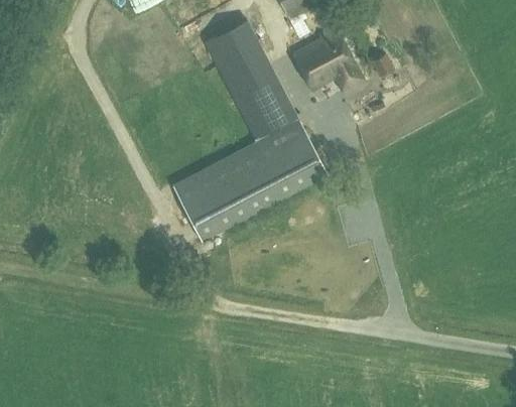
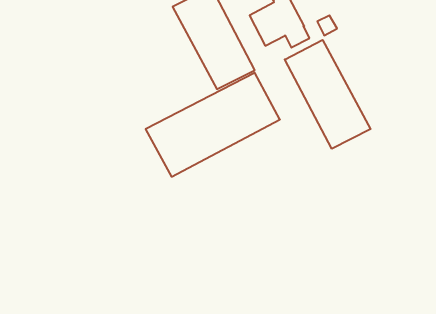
building: none -> [285,40,371,149]

